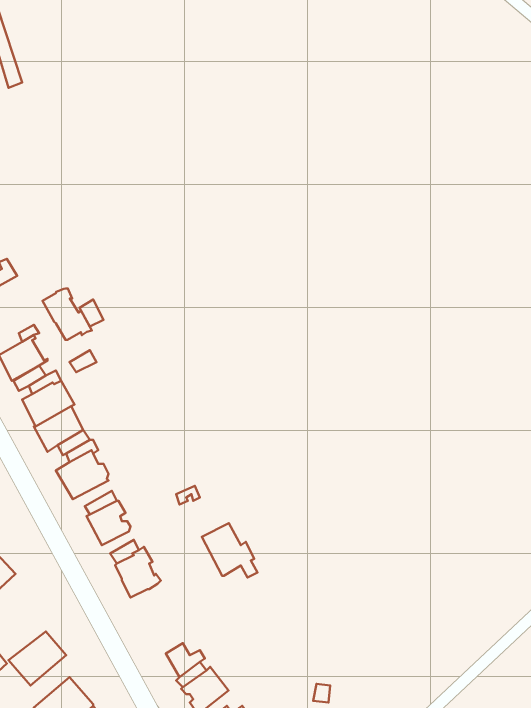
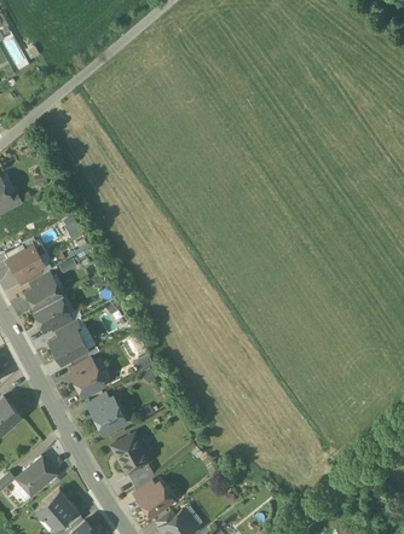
building: [42,289,92,340] -> none
building: [202,523,258,577] -> [111,435,151,474]

